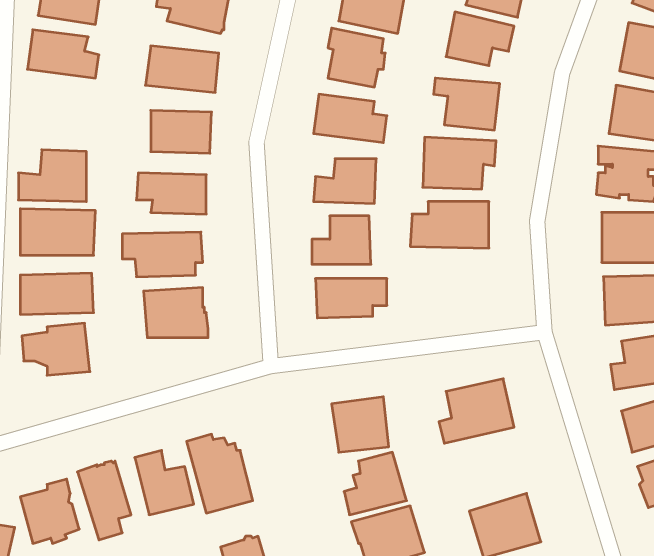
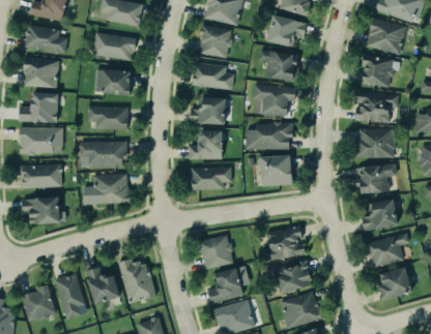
building: none -> [22,57,57,87]
building: none -> [260,156,292,186]
building: none -> [270,259,310,293]

